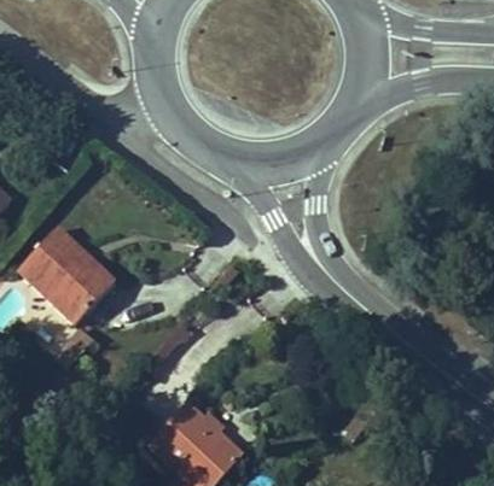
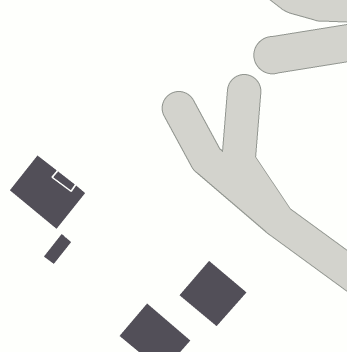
building: none -> [179,260,247,327]

